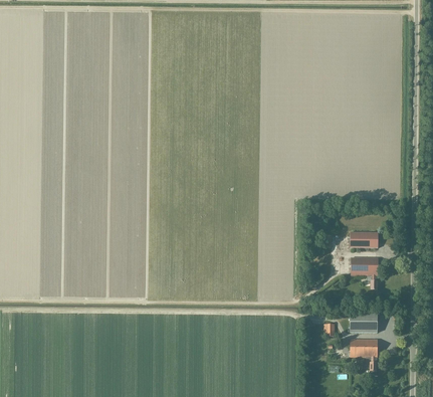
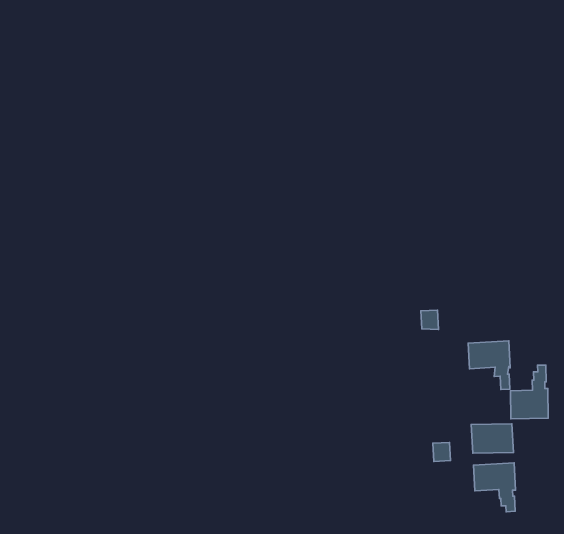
building: [350,231,378,247] -> none
building: none -> [510,365,548,419]

